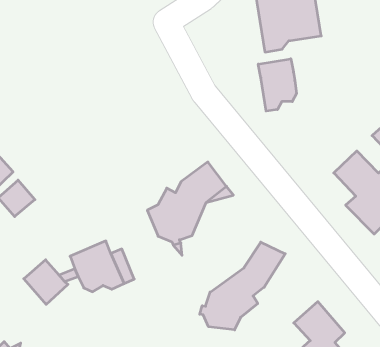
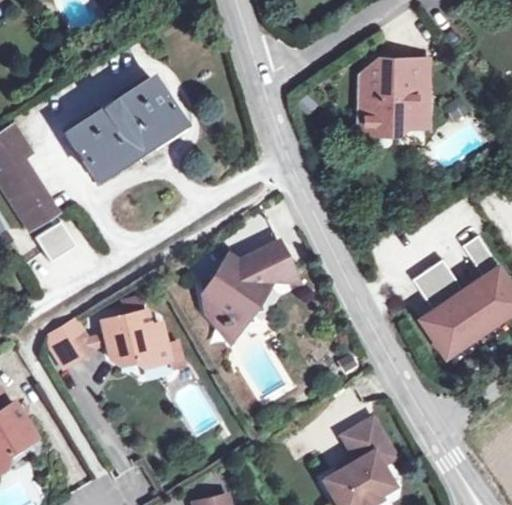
building: none -> [67,79,183,180]
building: [258,59,296,111] -> none
building: [200,242,285,330] -> none

